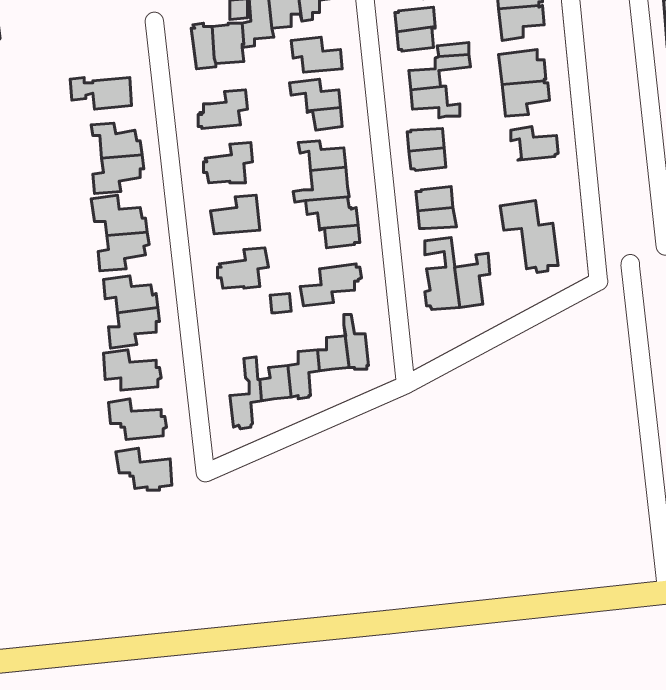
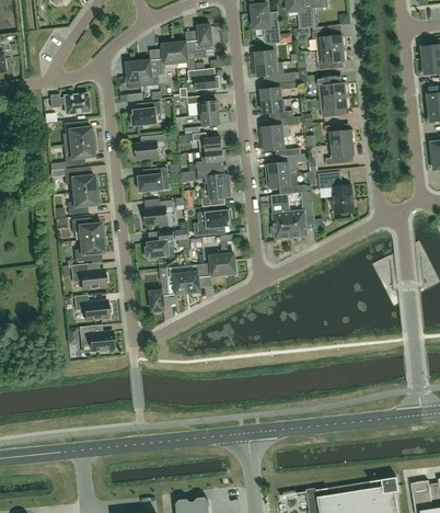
building: none -> [325,143,356,164]
building: none -> [143,232,174,259]

